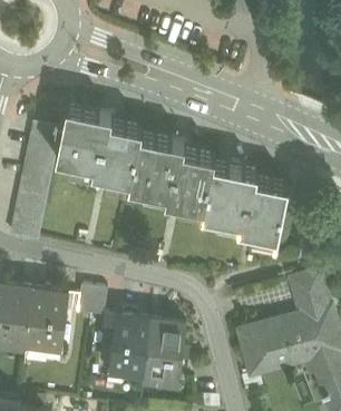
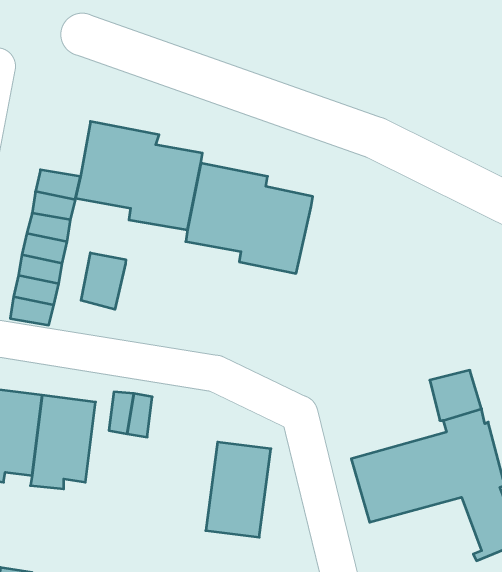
building: [201,165,286,238] -> none
building: none -> [81,253,126,309]
building: [108,317,149,381] -> none

